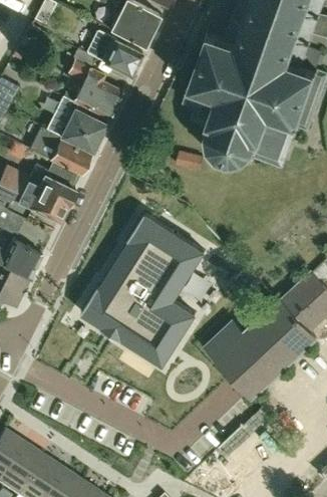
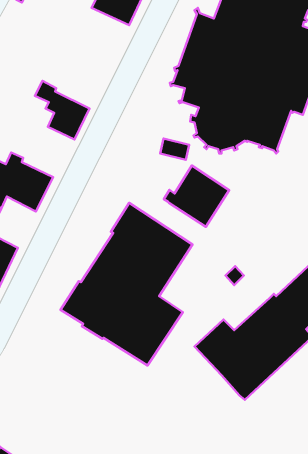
building: [84,30,141,75] -> none
building: [69,61,123,120] -> none
building: [31,129,91,175] -> none
building: none -> [164,166,229,227]

